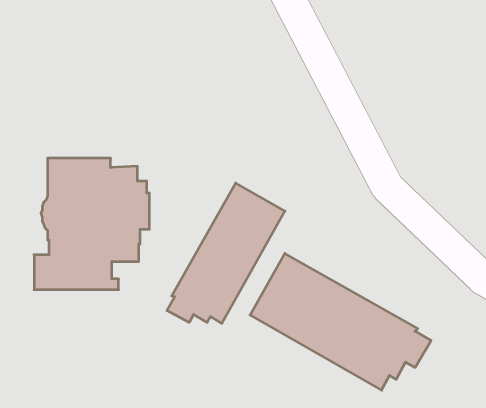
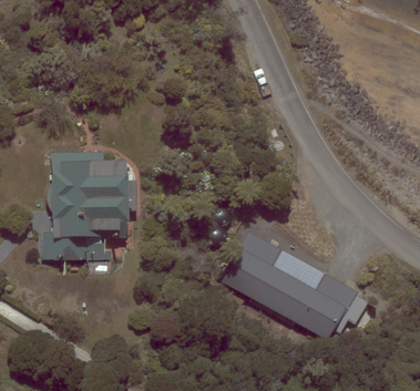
building: [167,183,285,323] -> none

